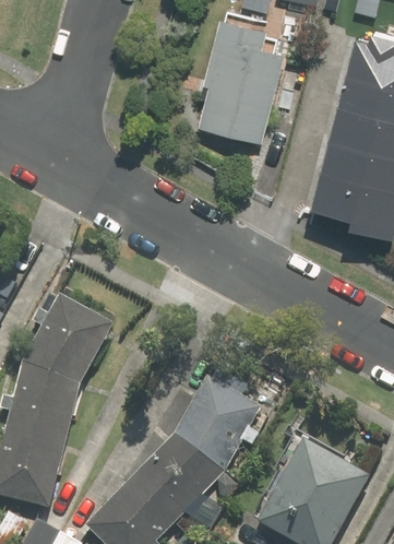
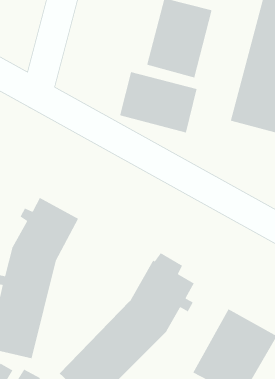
building: none -> [119,71,197,134]

